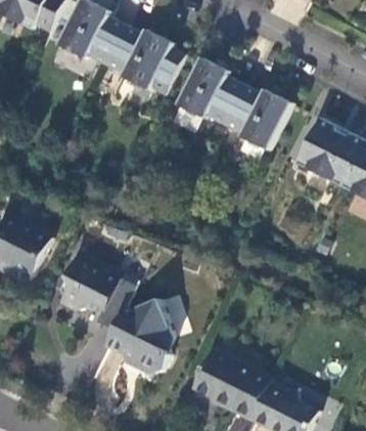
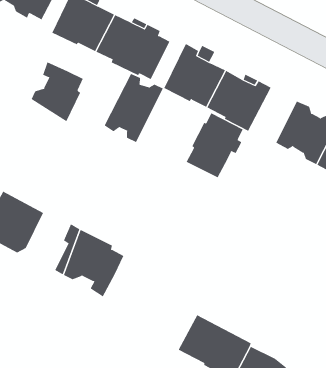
building: none -> [31,62,83,122]
building: none -> [104,73,163,143]
building: none -> [186,112,244,178]
building: [106,298,171,372] -> none

